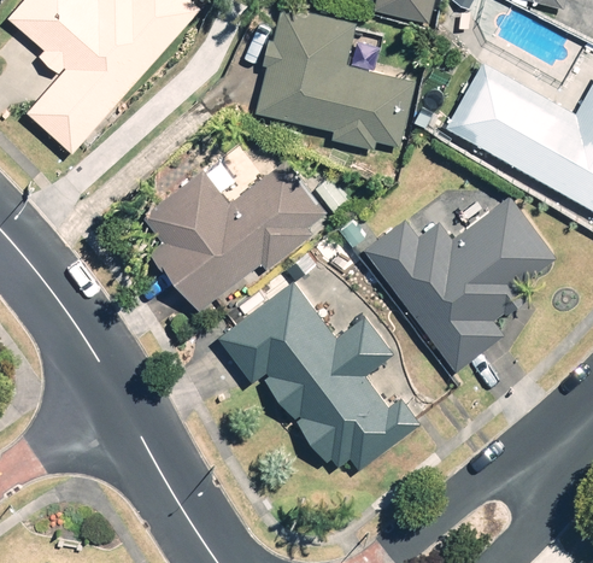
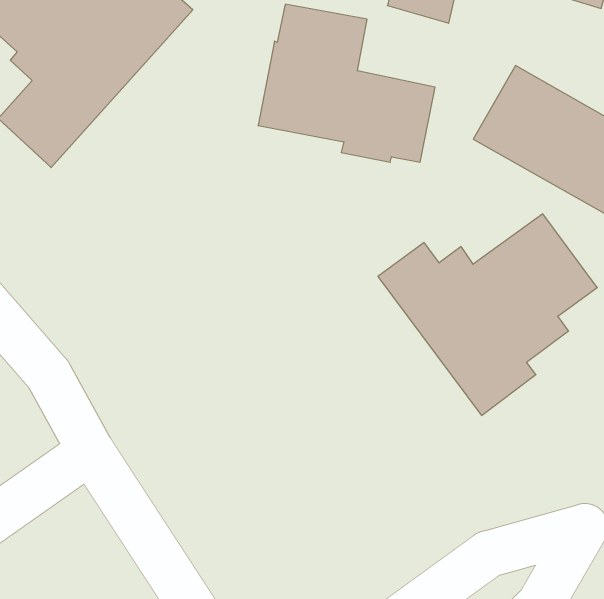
building: [152,162,325,312] -> none
building: [218,281,417,471] -> none

